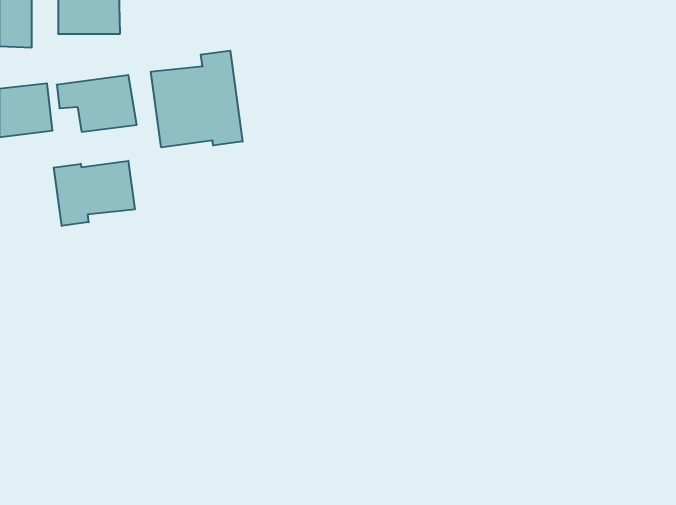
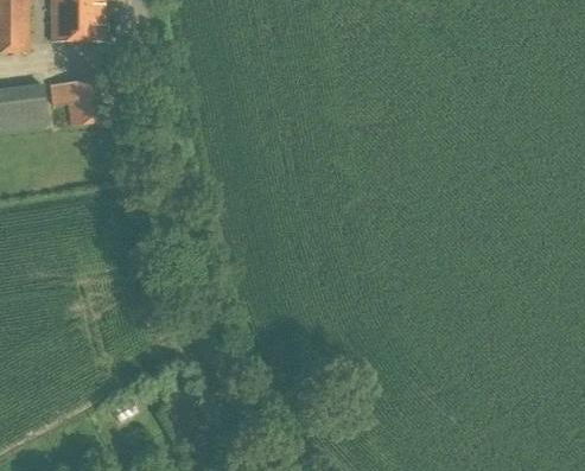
building: [151,51,243,147] -> none
building: [54,161,135,226] -> none

